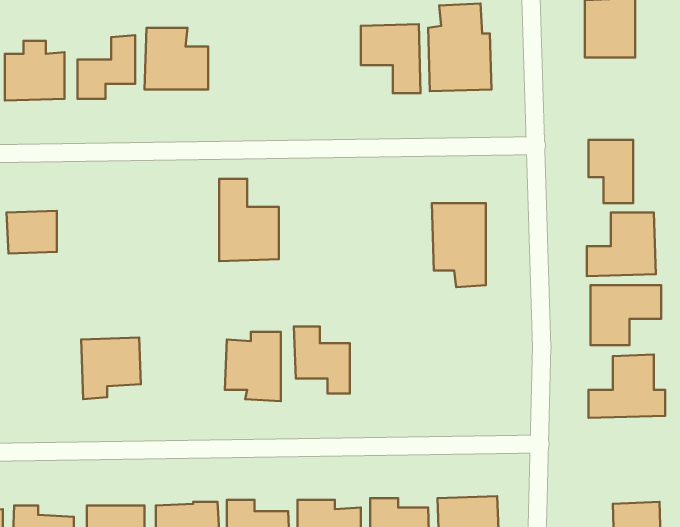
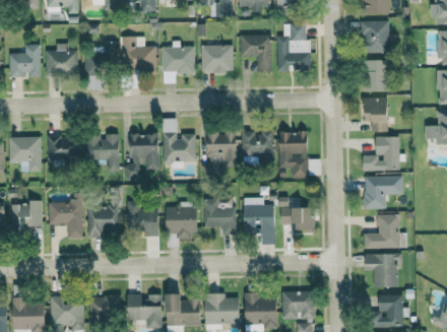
building: none -> [162,41,194,74]
building: none -> [201,45,234,73]
building: none -> [364,60,387,92]
building: none -> [207,131,236,165]
building: none -> [241,132,273,163]
building: none -> [124,133,159,180]
building: none -> [86,134,120,173]
building: none -> [243,197,275,245]
building: none -> [127,201,159,236]
building: none -> [49,202,83,239]
building: none -> [279,207,315,229]
building: none -> [365,254,398,287]

